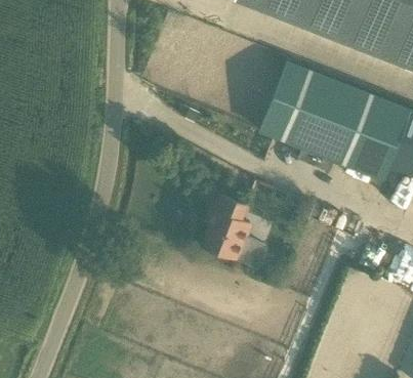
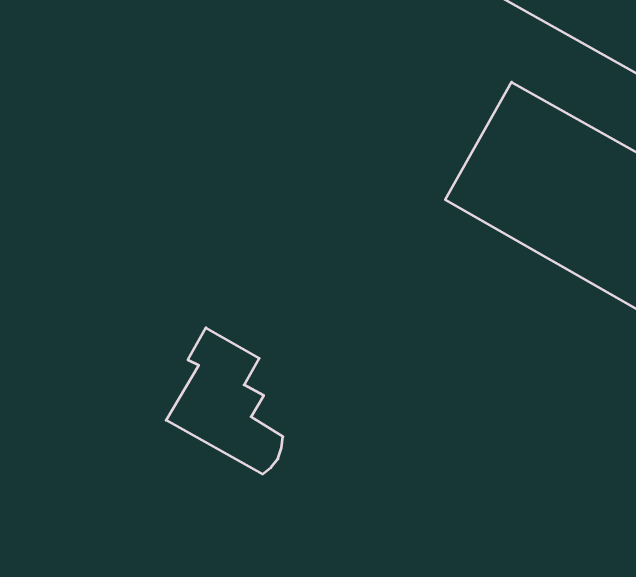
building: [202,192,265,265] -> [166,328,283,474]

